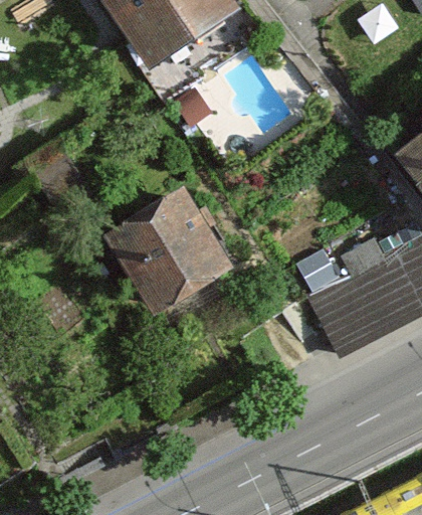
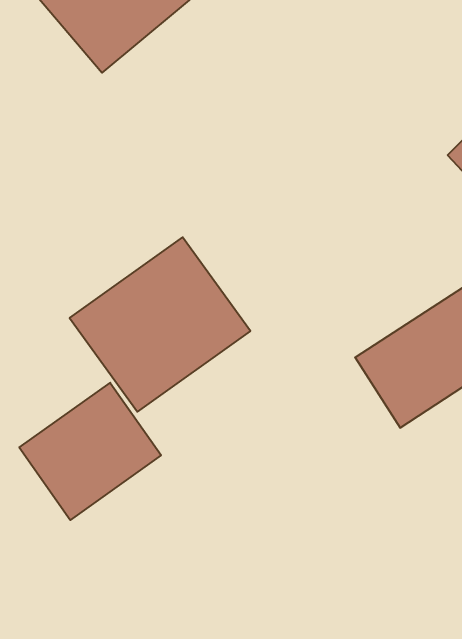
building: none -> [19,383,161,520]

